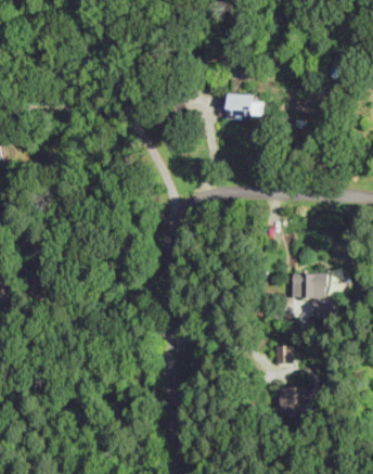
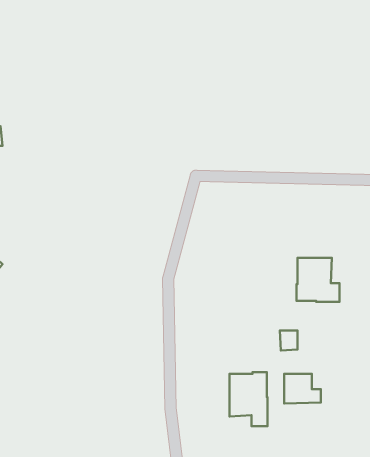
building: [227,94,262,119] -> none
building: none -> [229,372,268,426]

